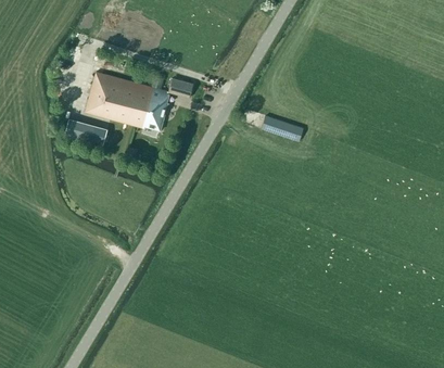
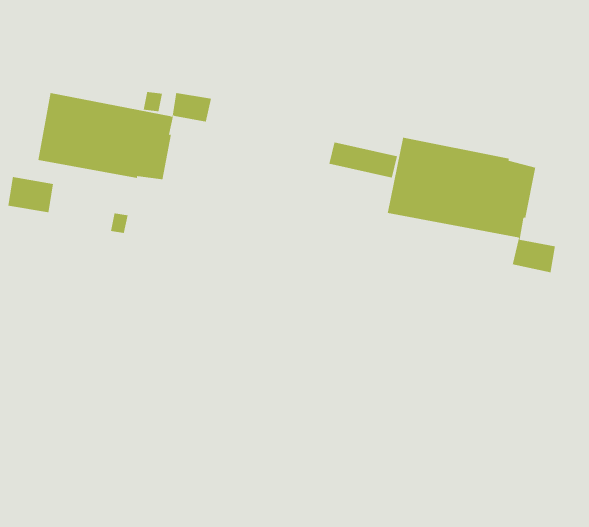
building: none -> [387,137,555,273]

